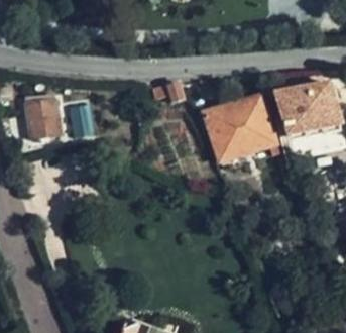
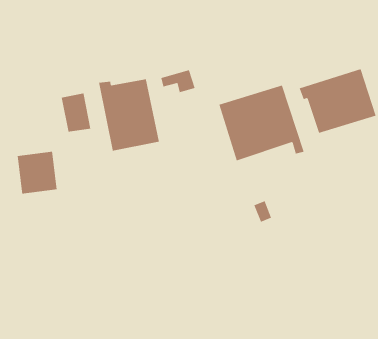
building: none -> [99,79,160,151]
building: [25,99,61,136] -> [17,151,57,194]

